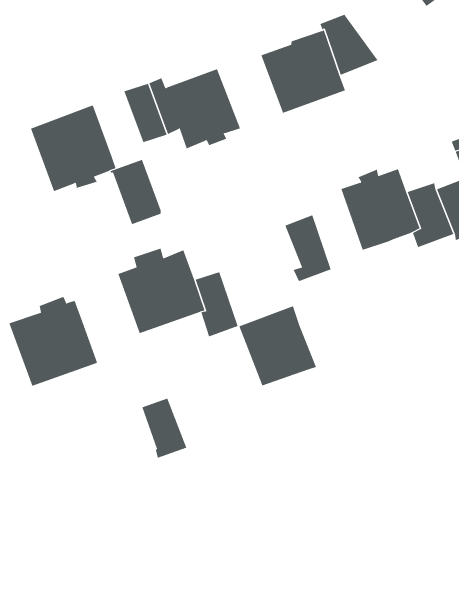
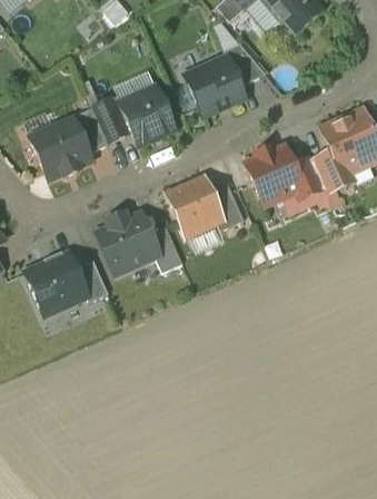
building: [109,159,162,225] -> [69,106,107,151]
building: [239,306,317,386] -> [166,177,221,234]
building: [141,398,187,459] -> [75,258,108,301]

